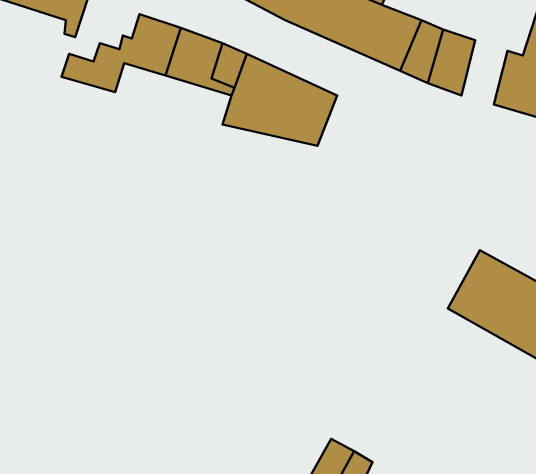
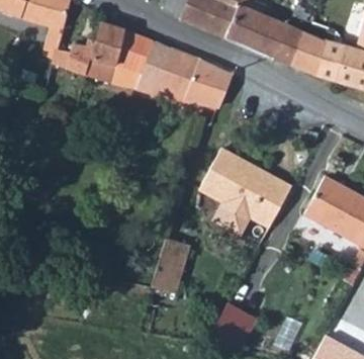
building: none -> [314,39,345,82]
building: none -> [86,55,163,95]
building: none -> [201,148,293,237]
building: none -> [154,236,197,290]

